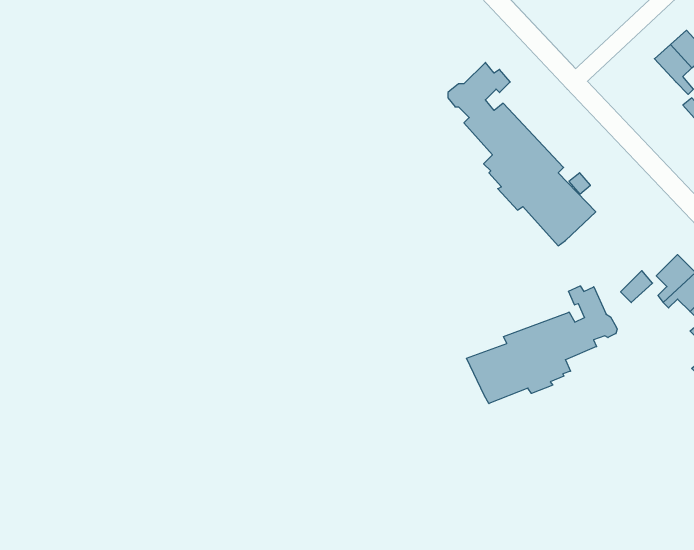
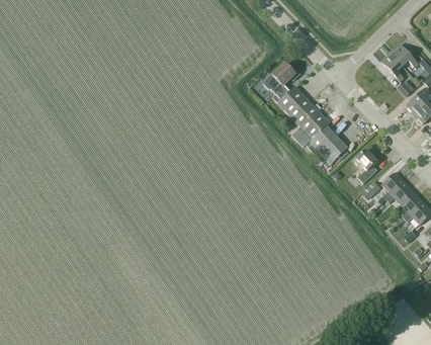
building: none -> [356,149,377,183]
building: [466,286,617,404] -> none

